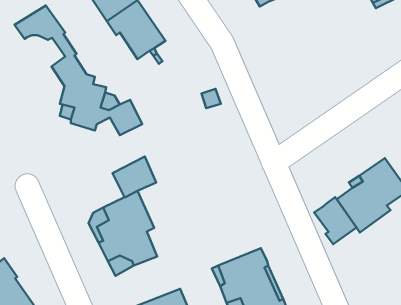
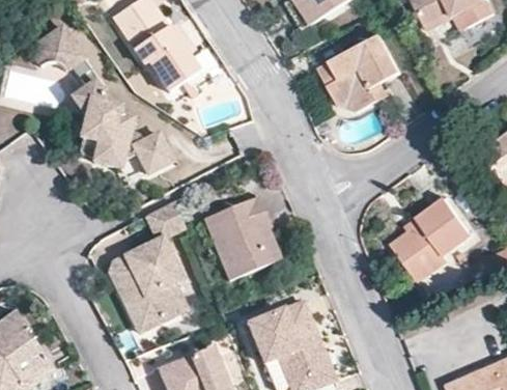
building: none -> [319,35,401,111]
building: none -> [205,194,282,278]
building: [314,197,357,244] -> none

